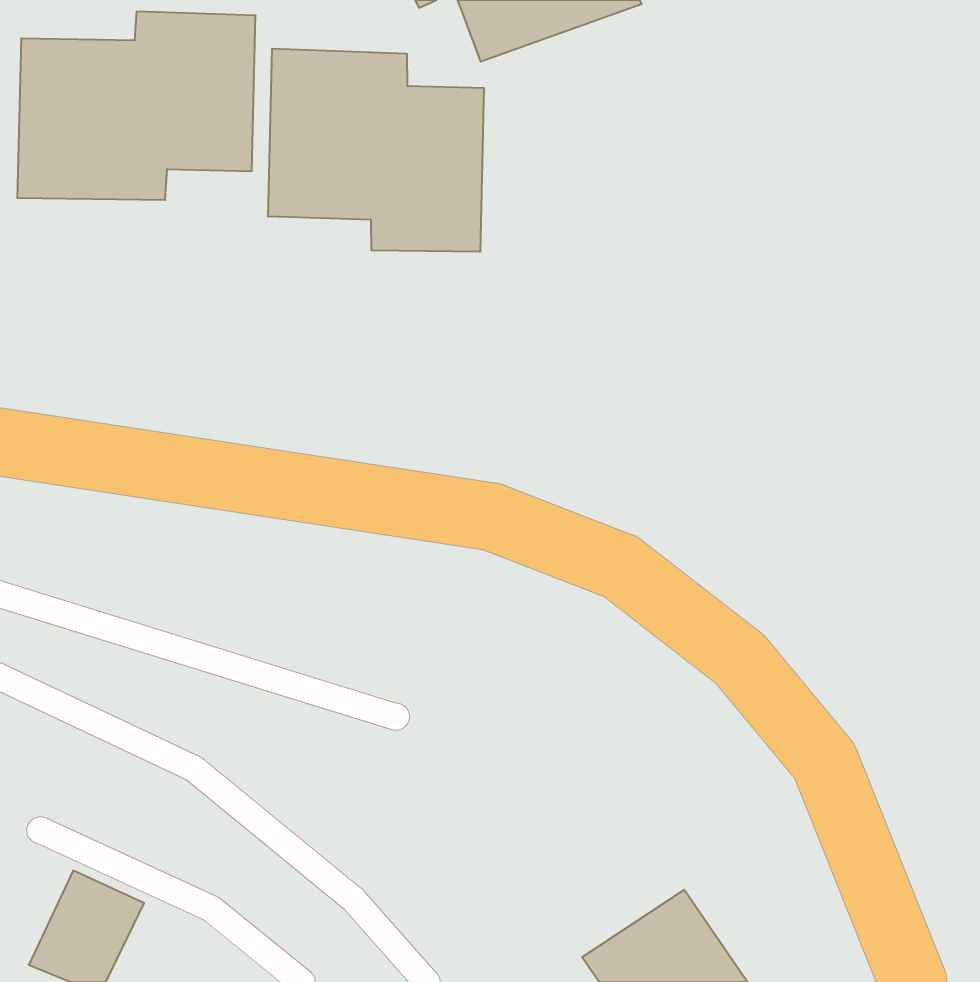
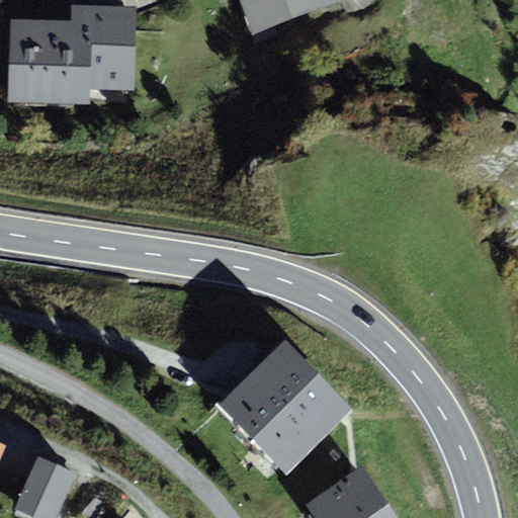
building: [268,49,484,252] -> none
building: none -> [221,343,348,470]

